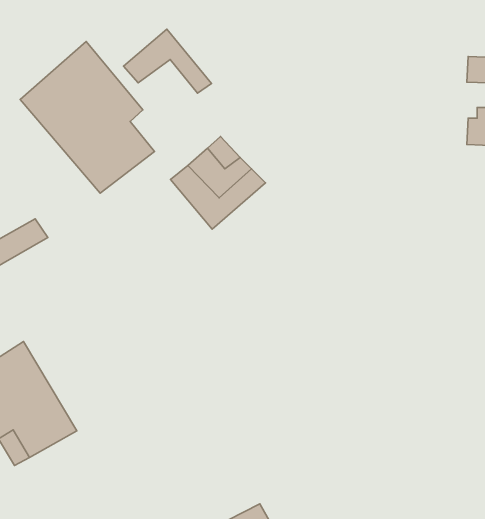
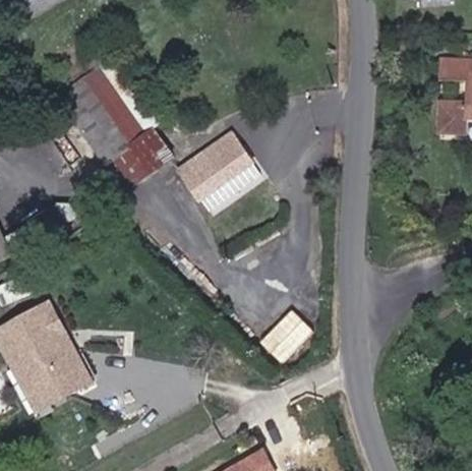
building: [123,29,212,93] -> none
building: none -> [258,310,312,364]

